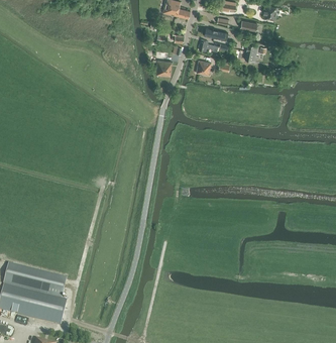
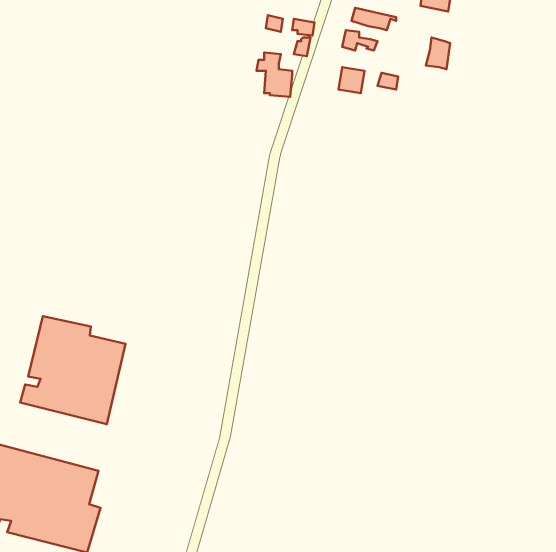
building: none -> [20,316,126,424]

